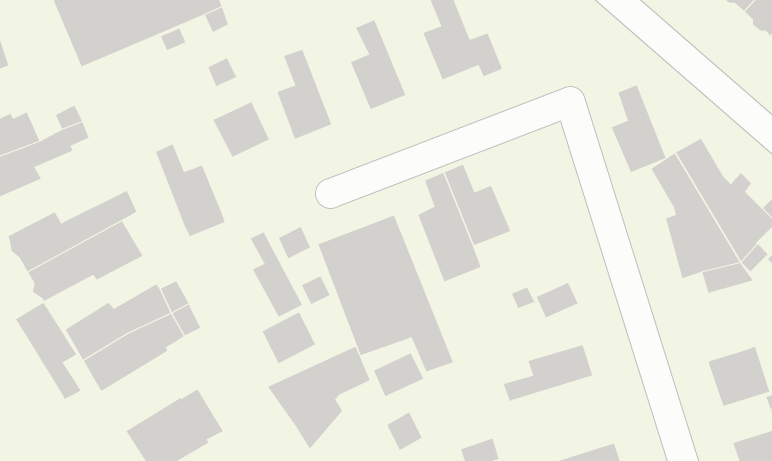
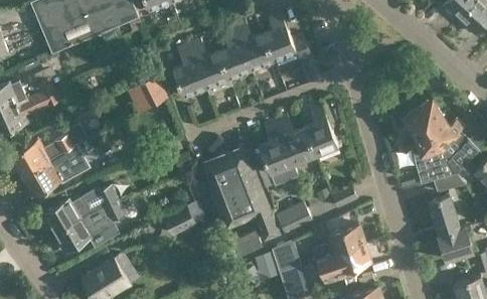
building: none -> [232,20,274,71]
building: [611,84,667,173] -> [304,101,338,155]
building: [155,144,226,237] -> [188,38,231,96]
building: [250,232,303,318] -> none
building: none -> [428,195,461,235]
building: [15,302,82,400] -> none
building: none -> [276,202,312,234]
building: [267,346,371,450] -> none
building: none -> [272,239,301,272]
building: none -> [317,244,372,284]

